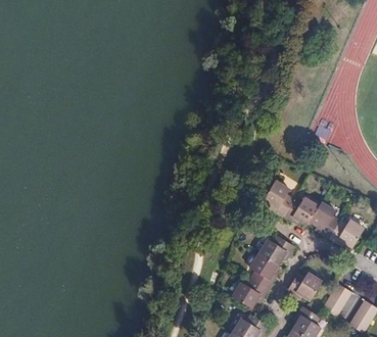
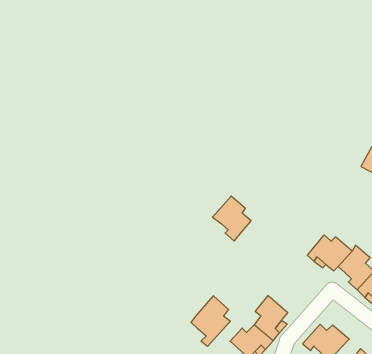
building: [262,181,293,216] -> [212,196,251,241]
building: [256,235,293,264] -> none
building: none -> [191,296,230,346]

